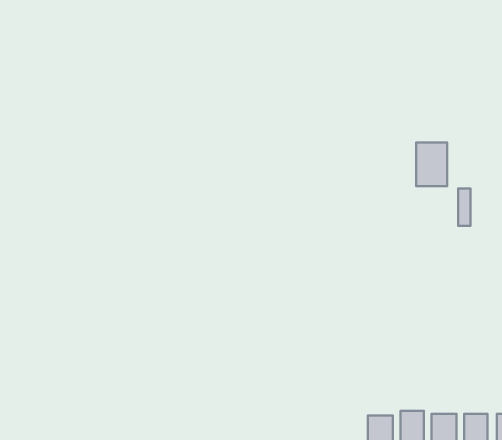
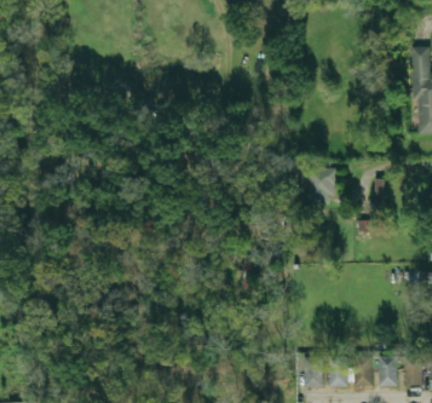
building: [416,143,447,186] -> [309,168,333,202]

